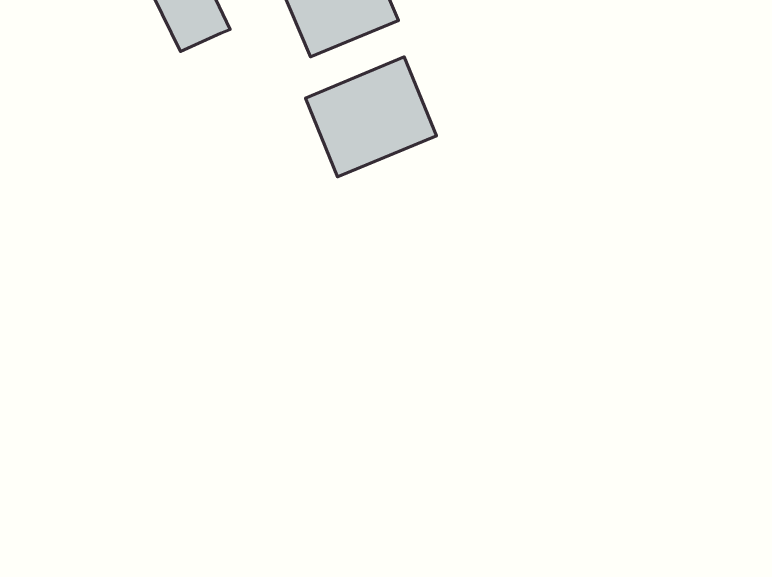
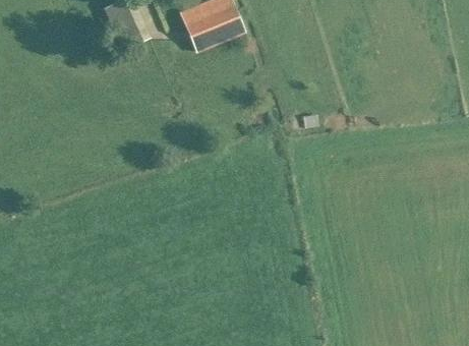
building: [305,57,436,177] -> none

